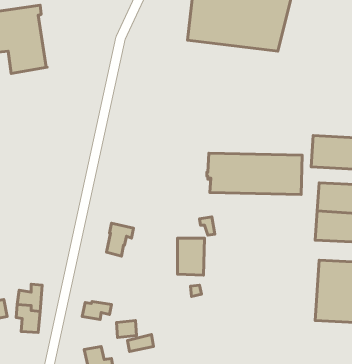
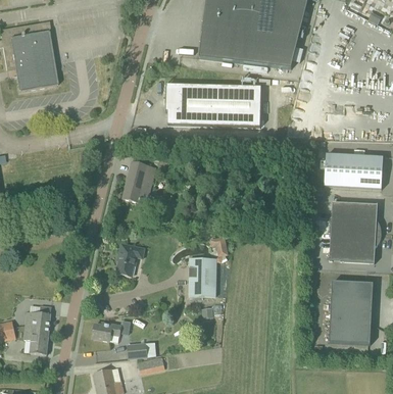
building: none -> [122,160,156,203]
building: [207,153,302,194] -> [164,84,261,126]

